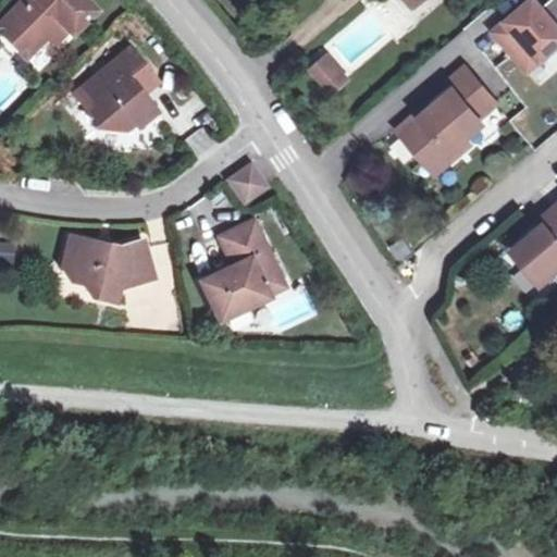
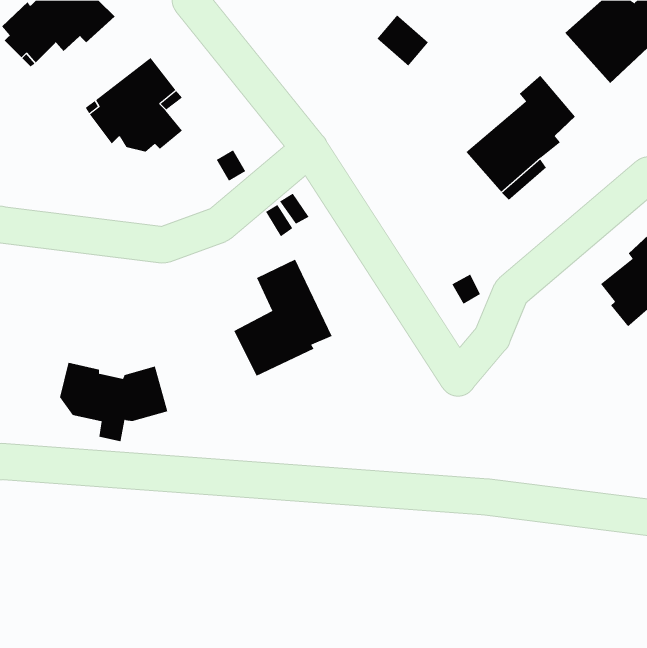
building: [306,49,350,94] -> [377,14,429,66]
building: [63,237,157,306] -> [59,362,168,442]

